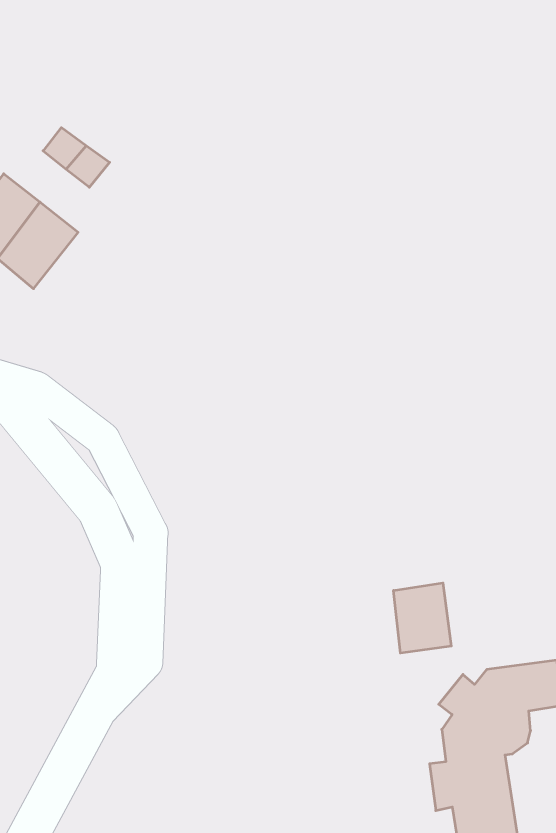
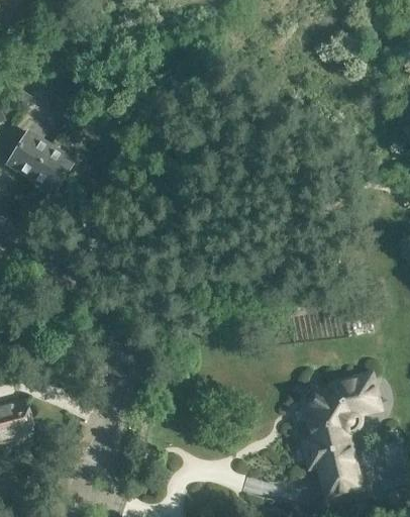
building: [394,583,451,653] -> none

